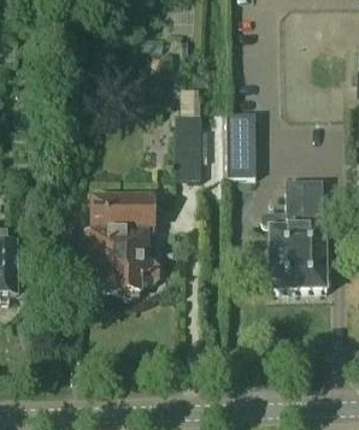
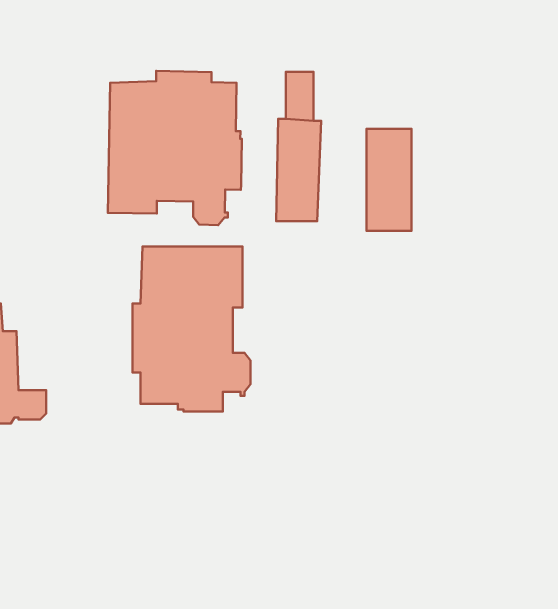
building: none -> [108,71,242,225]
building: [261,181,326,290] -> none

